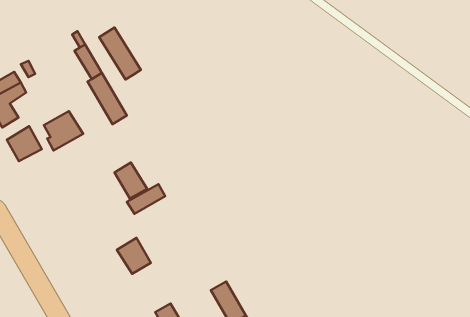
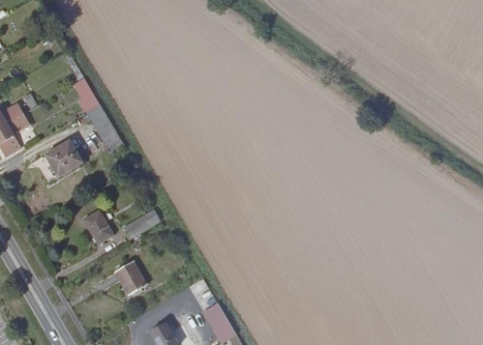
building: [99,27,141,80] -> none
building: [7,126,42,161] -> none
building: [114,163,147,199] -> [83,209,114,243]

